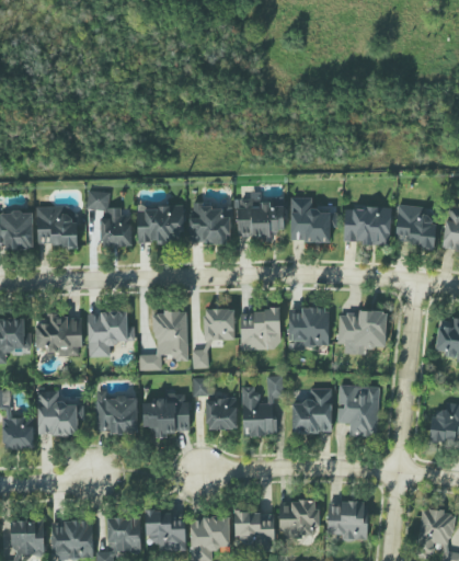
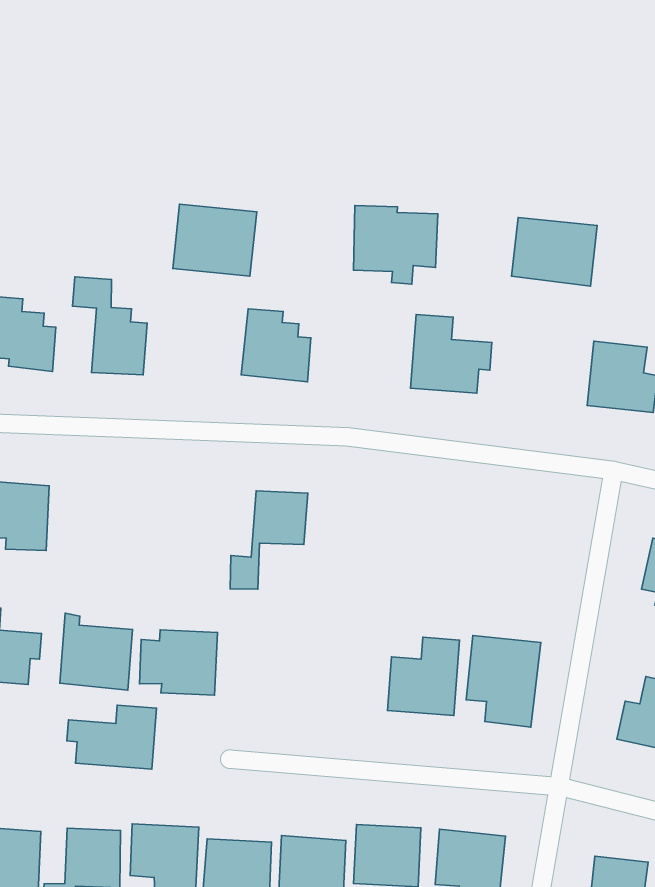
building: [234,196,285,241] -> [354,206,438,284]
building: [137,204,184,243] -> [173,204,257,276]
building: [343,206,391,243] -> [512,217,597,286]
building: [288,307,329,345] -> none
building: [240,310,280,348] -> none
building: [88,311,135,356] -> none
building: [139,311,187,369] -> none
building: [337,311,387,346] -> none
building: [242,375,284,435] -> none
building: [206,398,237,428] -> none
building: none -> [67,705,156,769]

